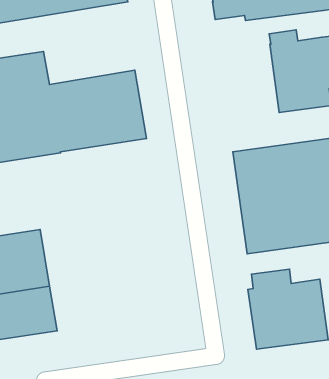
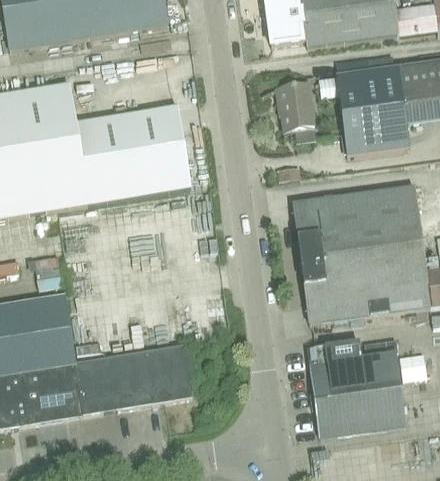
building: none -> [277,83,316,141]
building: none -> [75,343,195,413]

